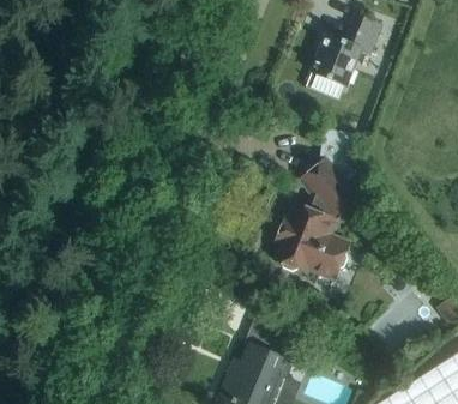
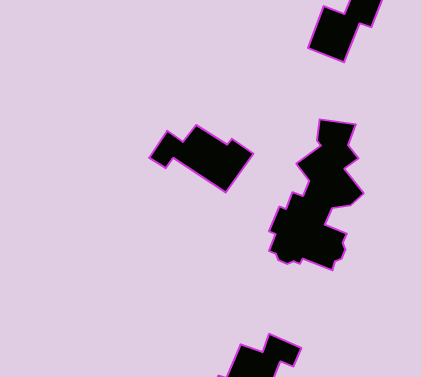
building: none -> [149,125,253,193]

